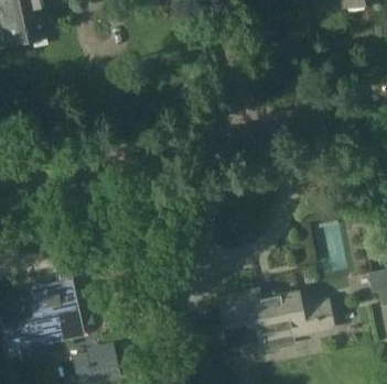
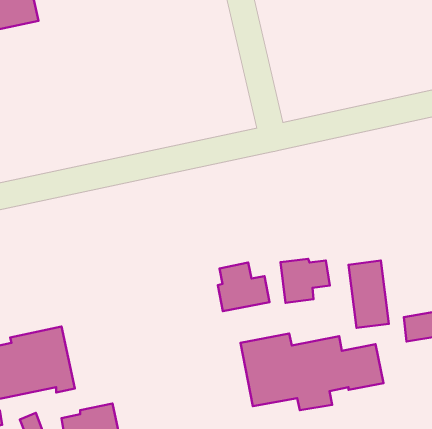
building: none -> [280,259,330,303]
building: none -> [218,262,269,311]

